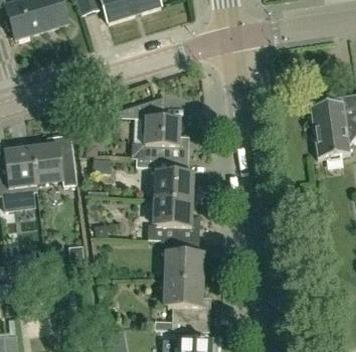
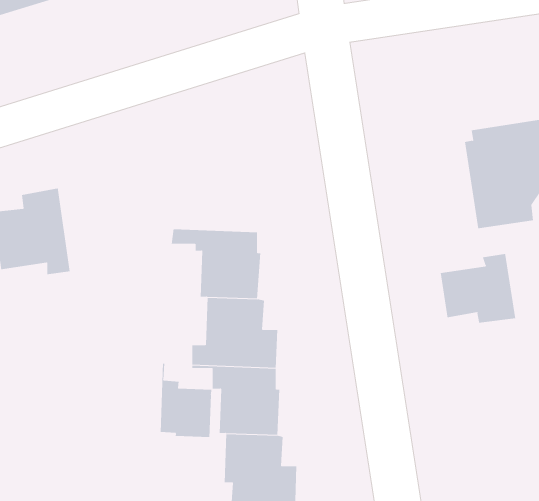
building: [118,97,189,160] -> none
building: none -> [440,253,516,323]
building: none -> [160,363,212,438]

